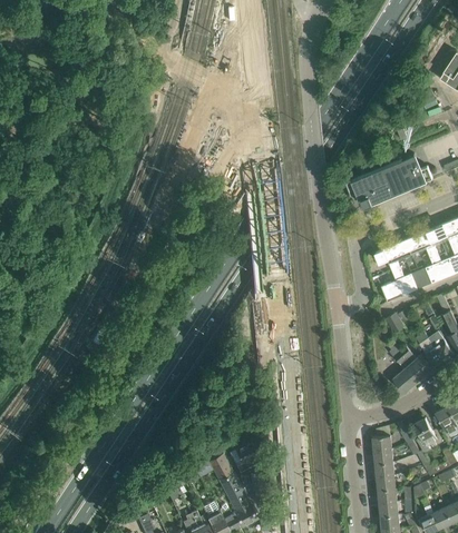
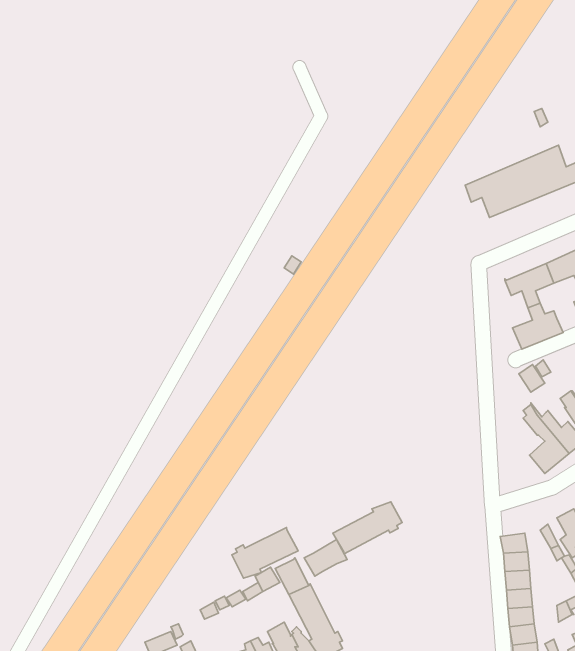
building: none -> [333,502,402,554]
building: none -> [232,527,298,578]

